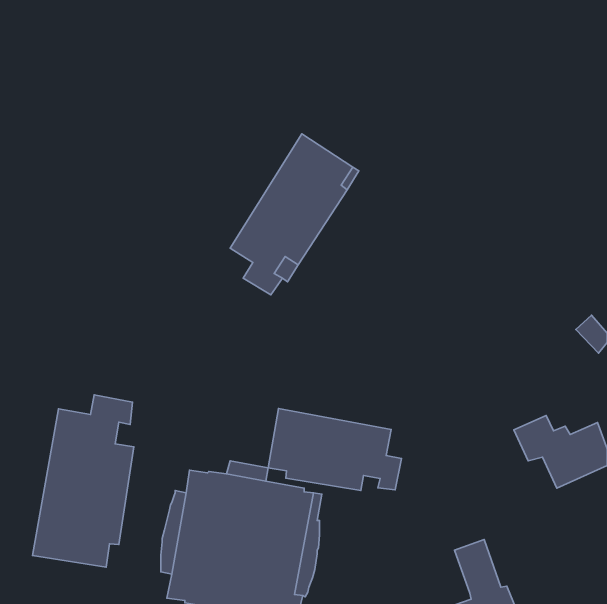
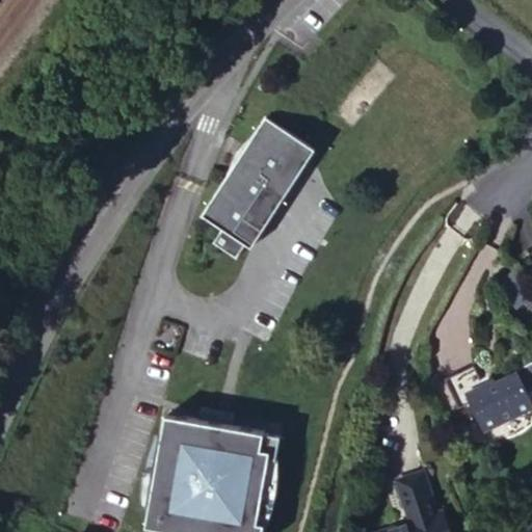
building: [33,395,134,567] -> none
building: [268,408,401,491] -> none

